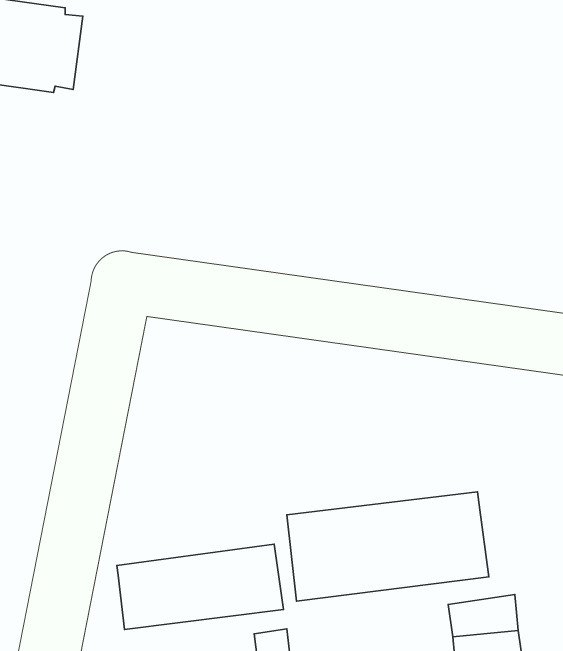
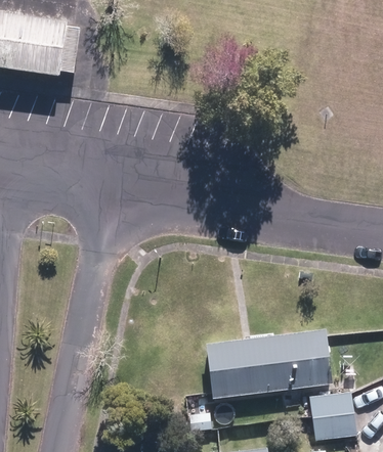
building: [117,544,284,630] -> none

